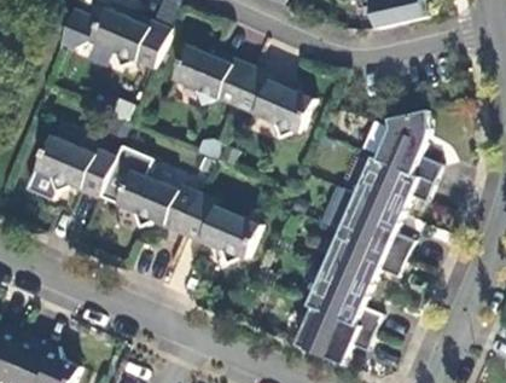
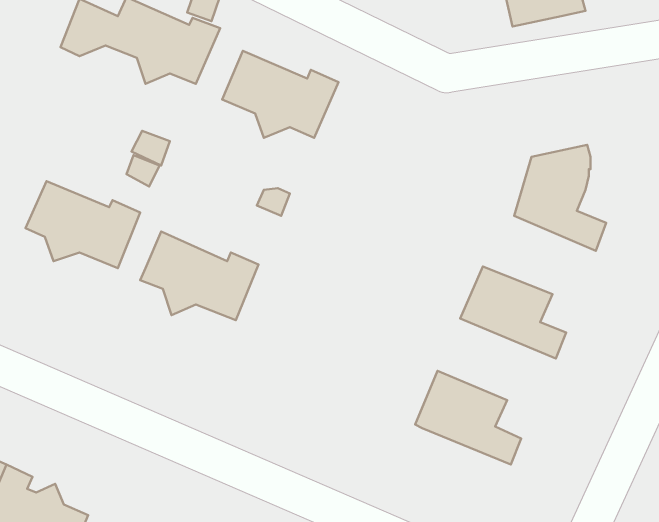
building: [235,65,313,138] -> none
building: [353,156,431,213] -> none
building: [181,192,258,263] -> none
building: [321,230,403,286] -> none
building: [293,306,372,364] -> none

